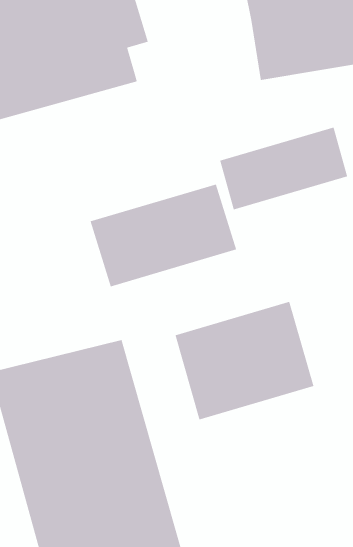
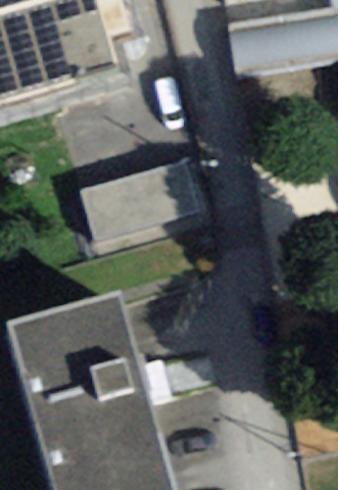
building: [219,126,348,211] -> none
building: [174,301,314,421] -> none

